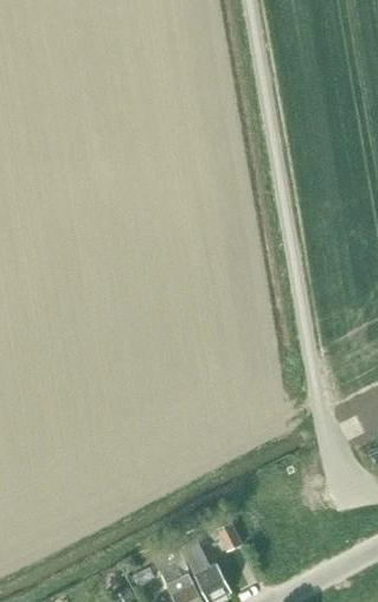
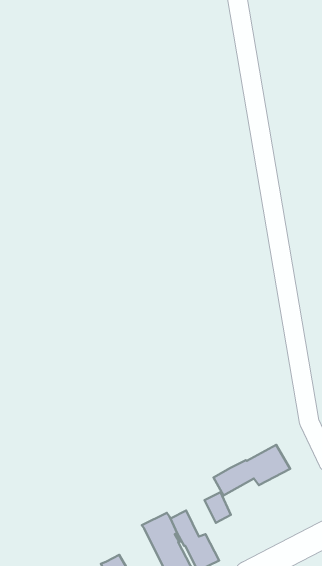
building: none -> [214,445,290,496]

